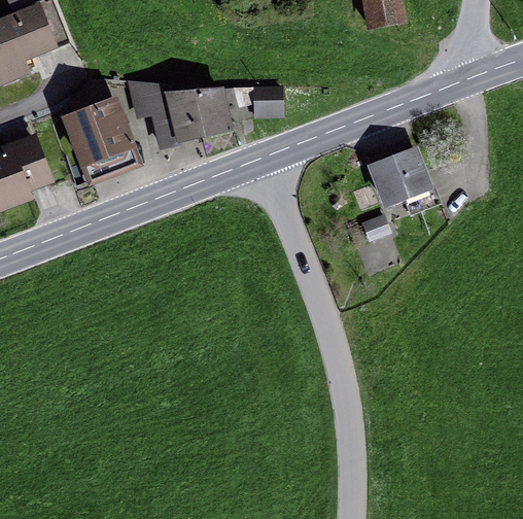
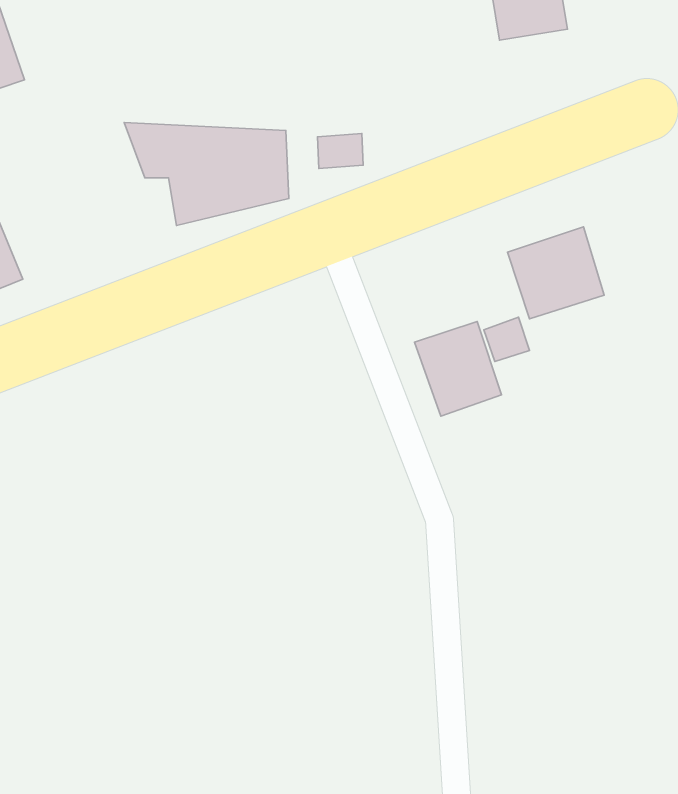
building: [66,104,138,182] -> none
building: none -> [414,321,502,416]

